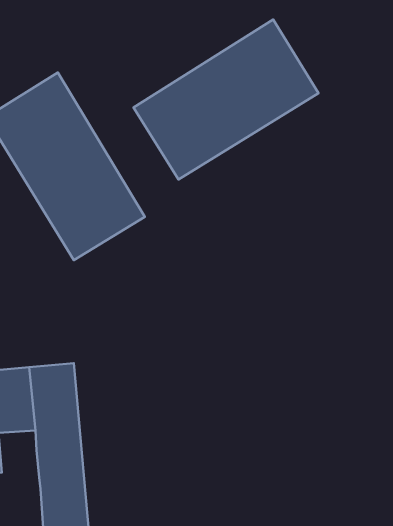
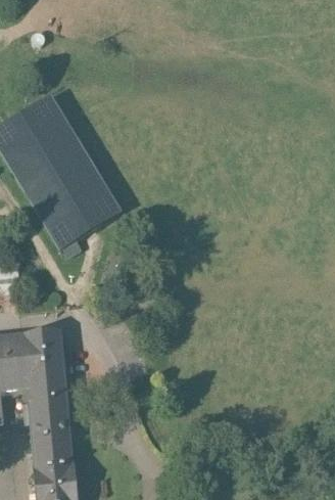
building: [134,19,318,180] -> none

